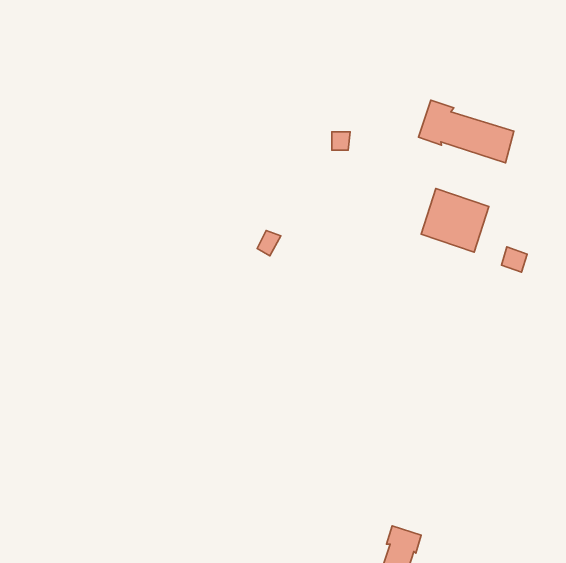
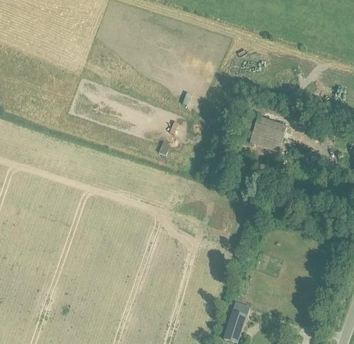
building: [419,100,514,163] -> none

